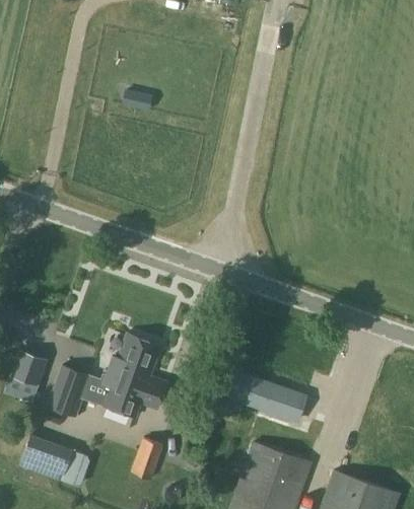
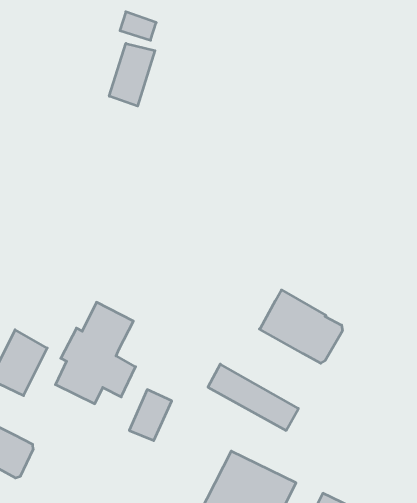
building: none -> [109,43,155,106]
building: none -> [259,290,342,363]
building: [132,438,164,480] -> [129,390,172,441]

